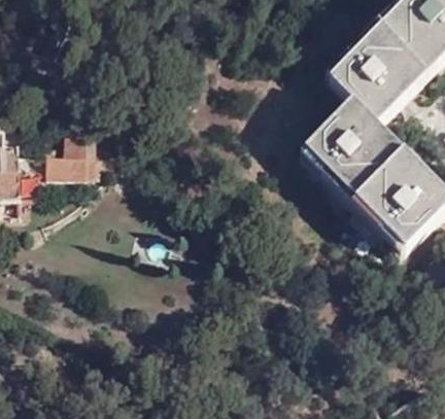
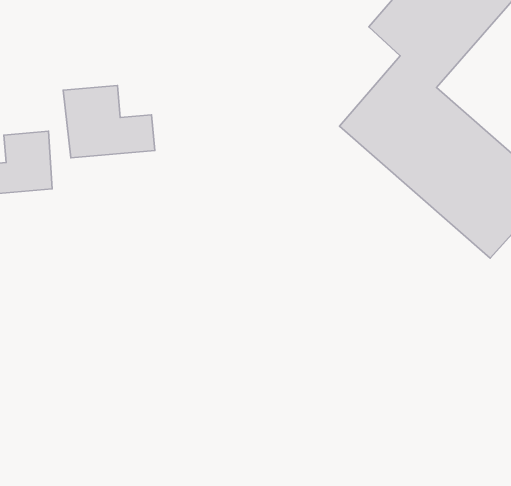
building: none -> [63,85,155,158]

